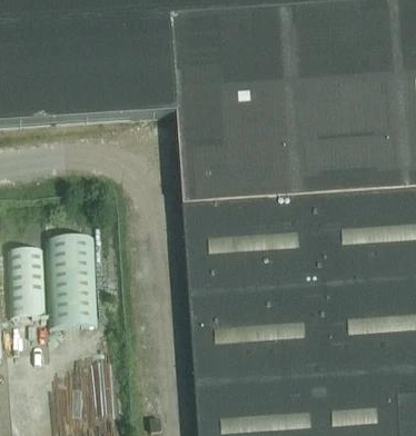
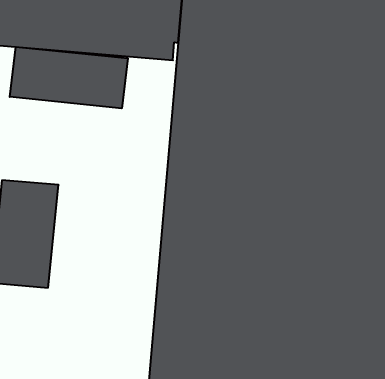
building: none -> [10,47,128,108]

